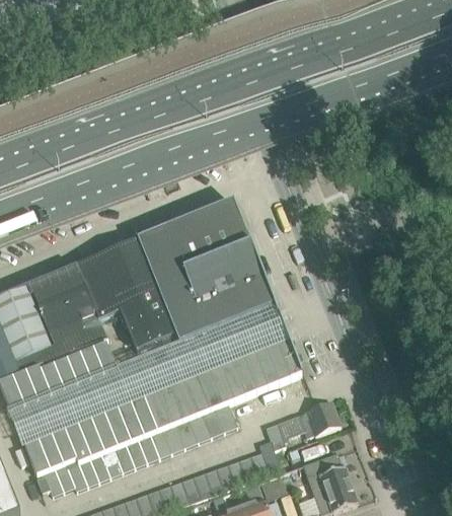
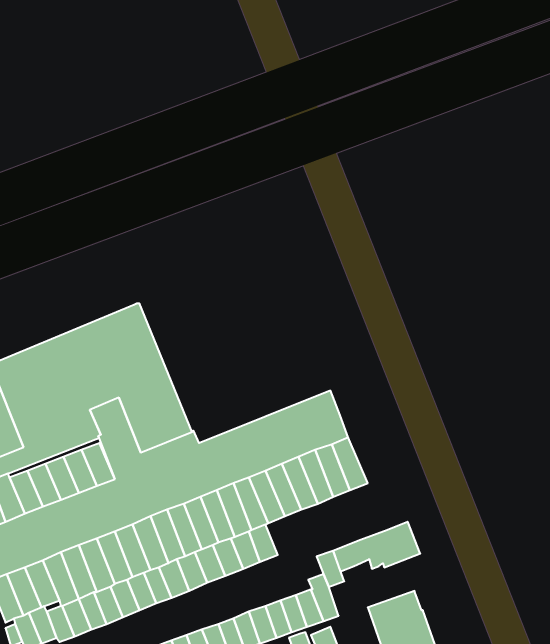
building: [135,200,275,343] -> none

